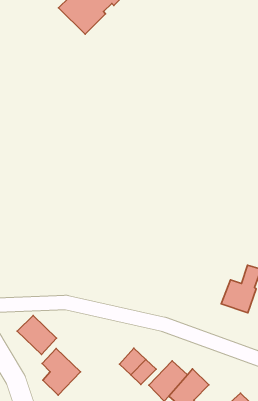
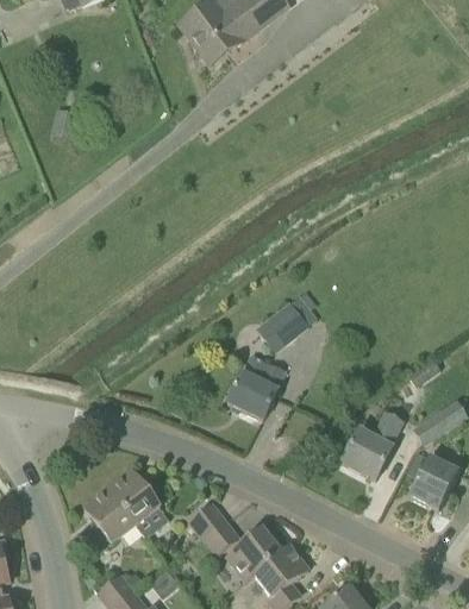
building: none -> [255,295,315,353]
building: none -> [227,356,286,419]
building: [17,316,57,354] -> [107,470,160,525]

